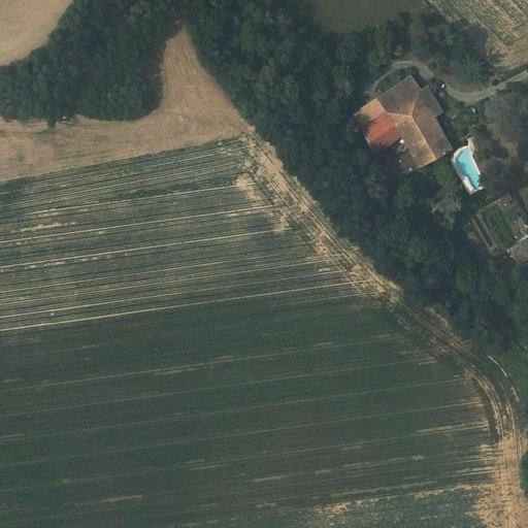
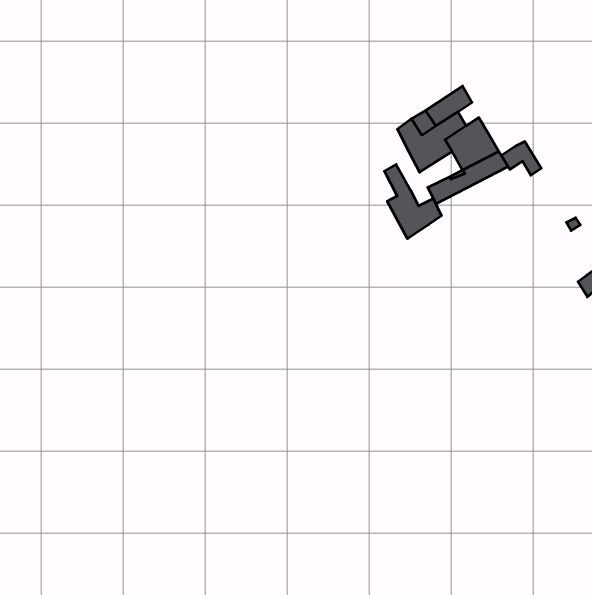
building: [408,87,443,117] -> [502,142,541,175]
building: none -> [384,164,441,239]

